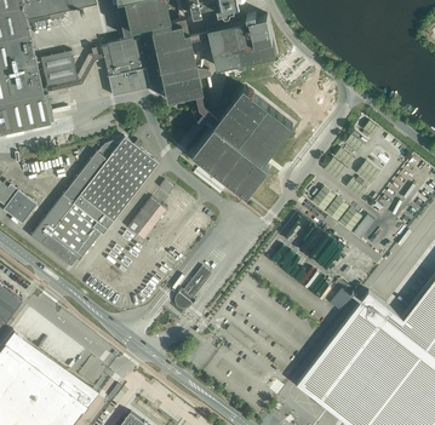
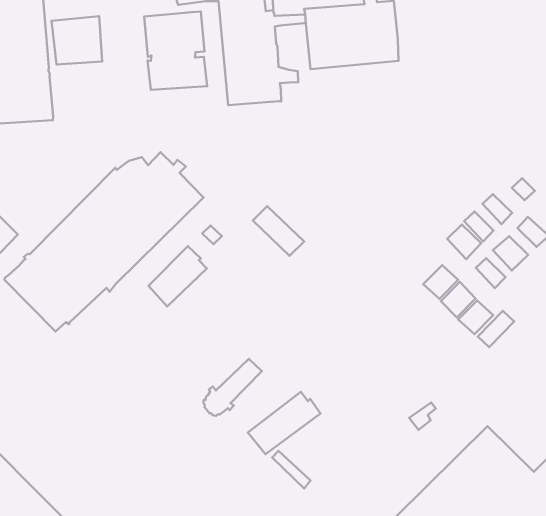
building: [191,88,292,196] -> none
building: none -> [248,392,321,454]

